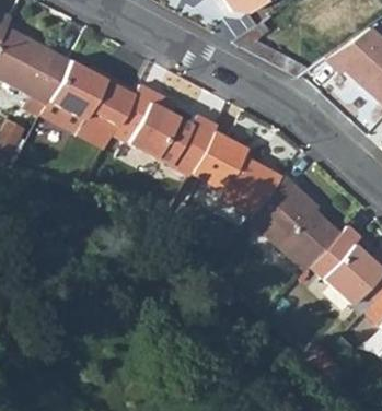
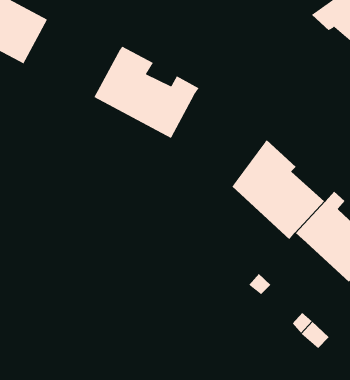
building: [45,62,141,131] -> none
building: [192,134,280,216] -> none

